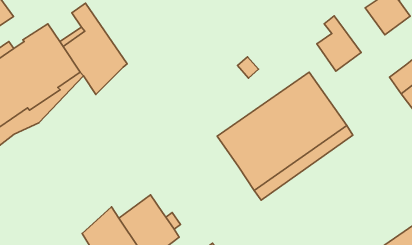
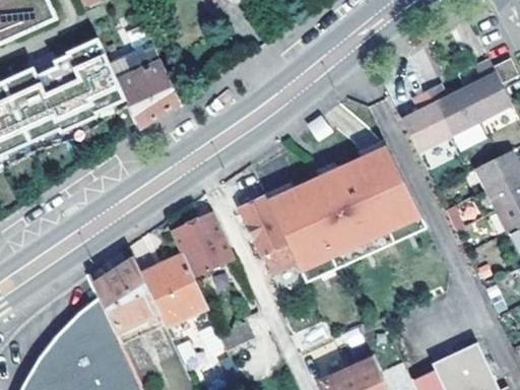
building: none -> [425,79,478,133]
building: none -> [241,197,306,292]
building: none -> [171,211,235,276]

